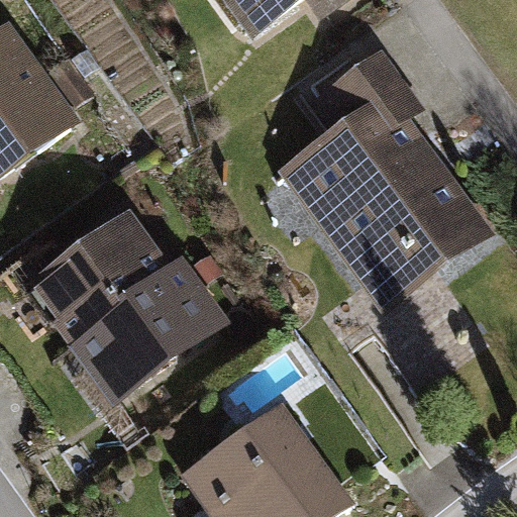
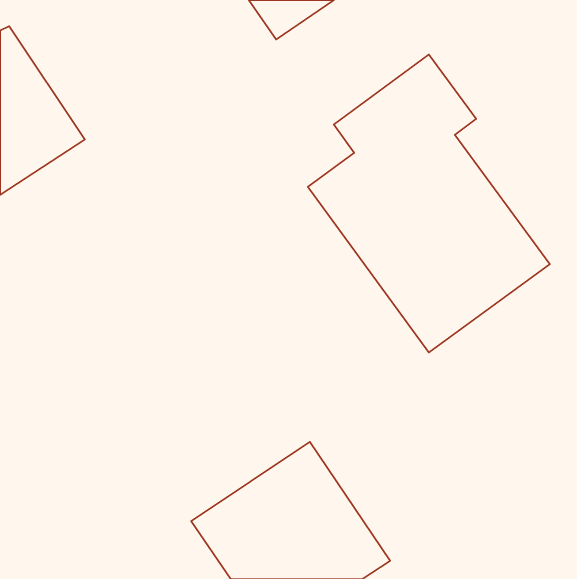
building: [26,209,230,404] -> none

